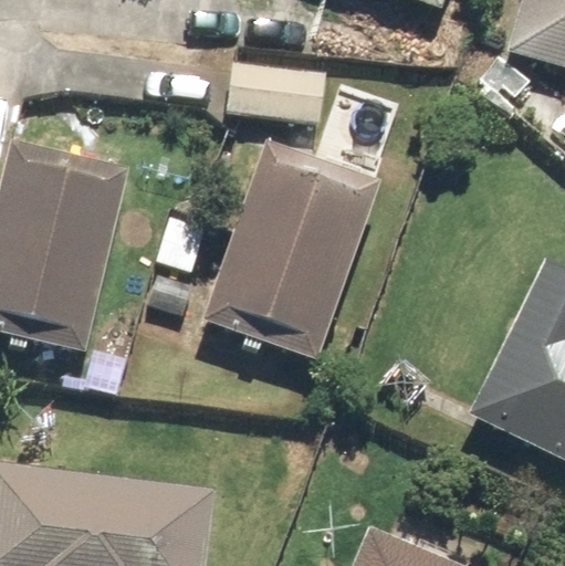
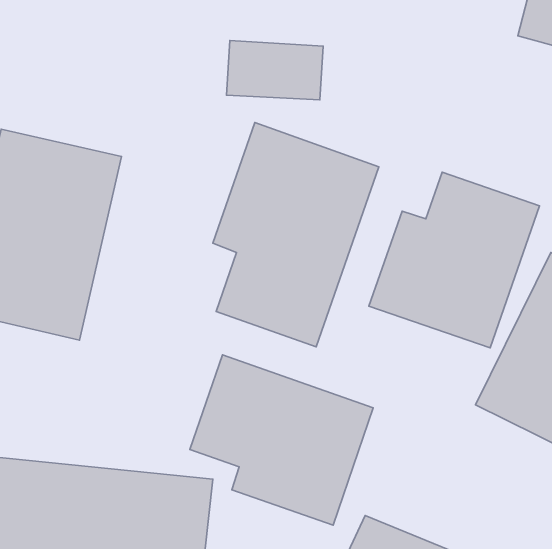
building: none -> [369,172,540,348]
building: none -> [190,355,373,525]

